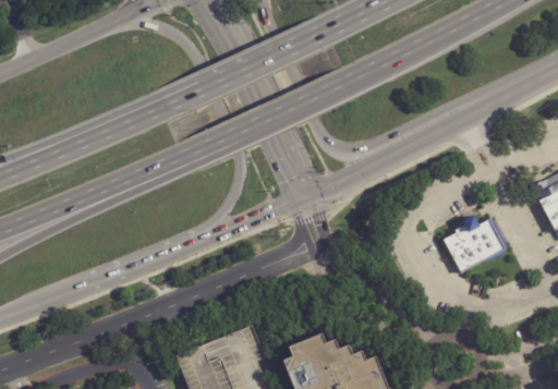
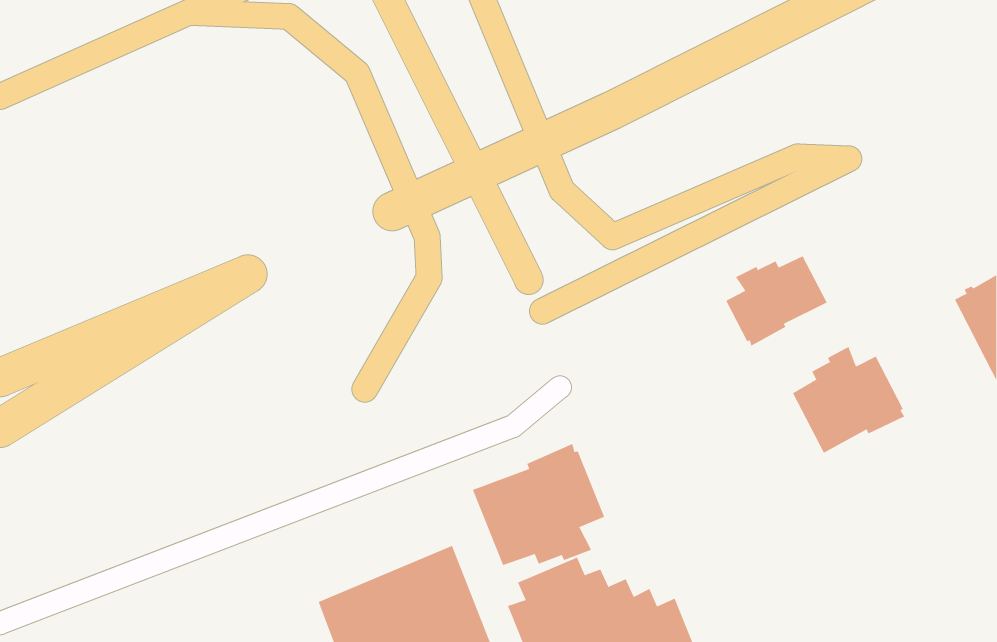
building: none -> [726,256,827,346]
building: none -> [472,443,605,566]

